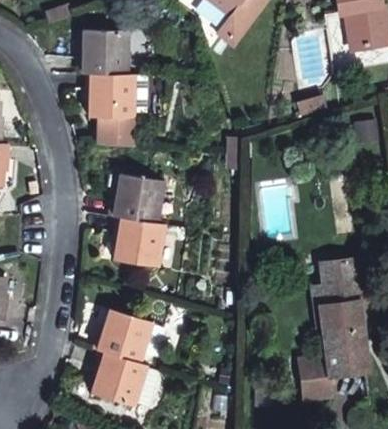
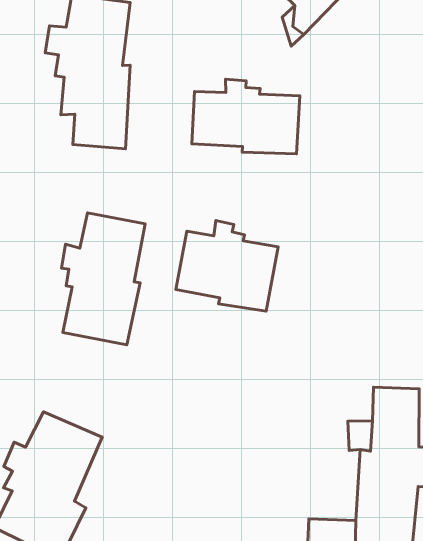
building: none -> [192,79,300,154]
building: none -> [176,221,278,311]

